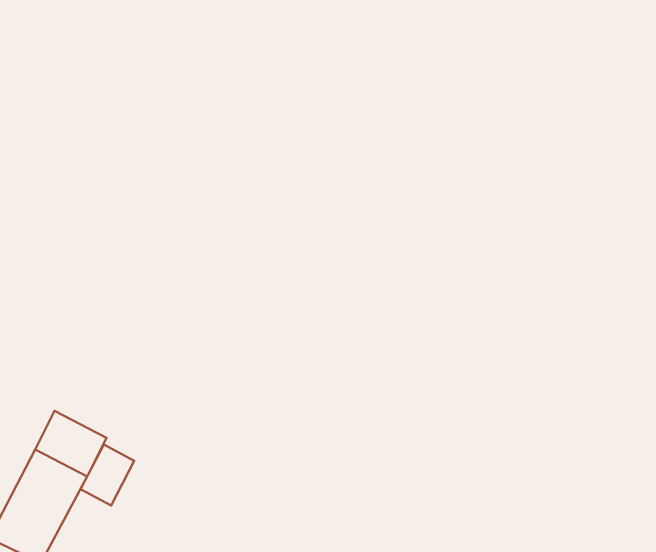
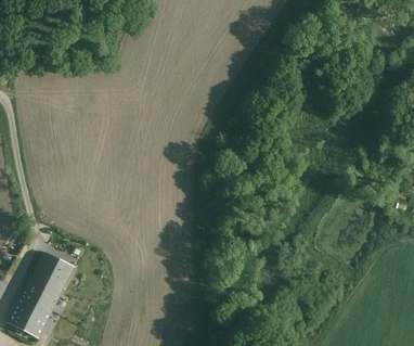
building: [81,444,134,505] -> none

